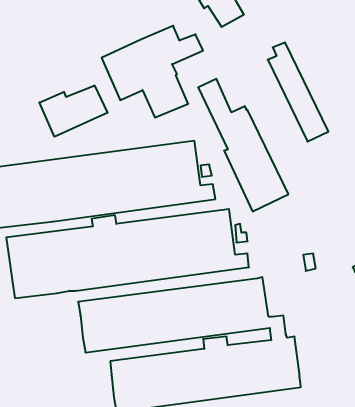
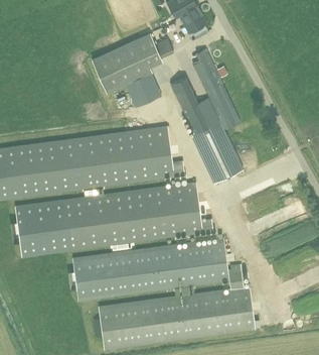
building: [268,42,328,142] -> [192,49,242,130]
building: [39,85,107,137] -> none

